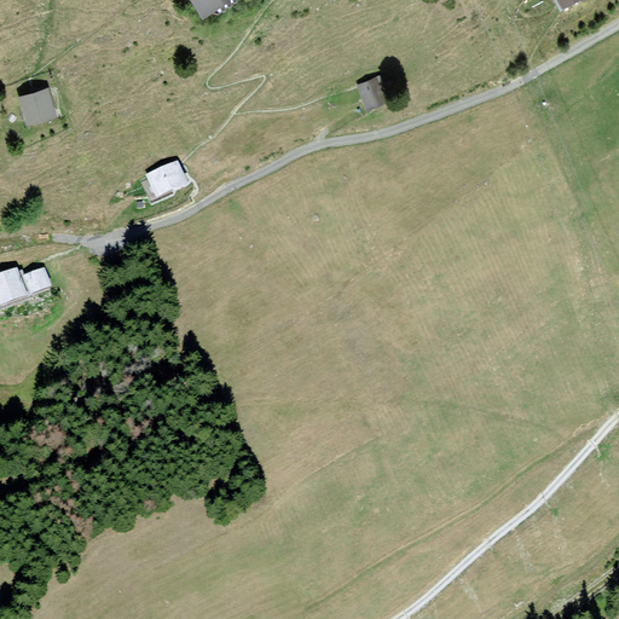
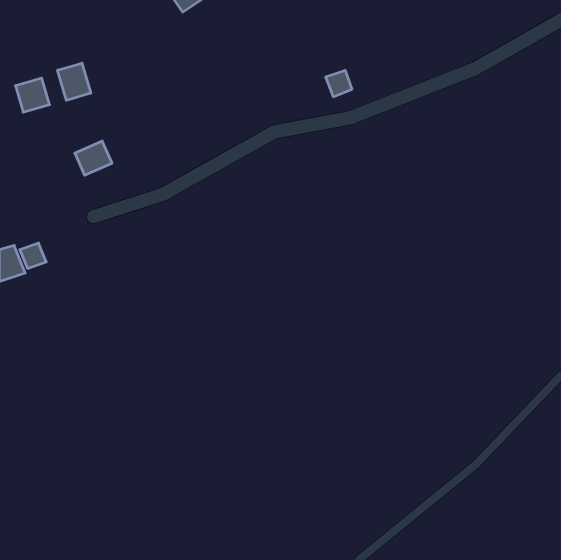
building: none -> [58,63,91,100]
building: [145,162,186,199] -> [75,141,112,175]

